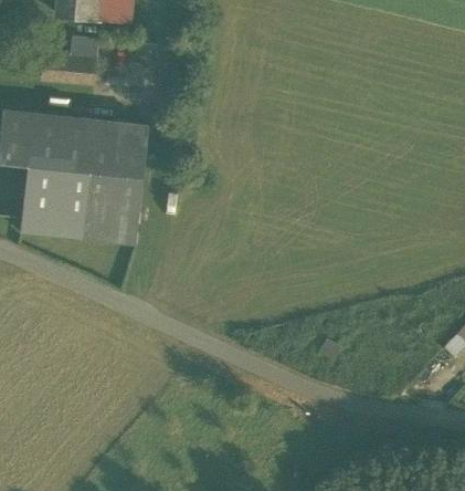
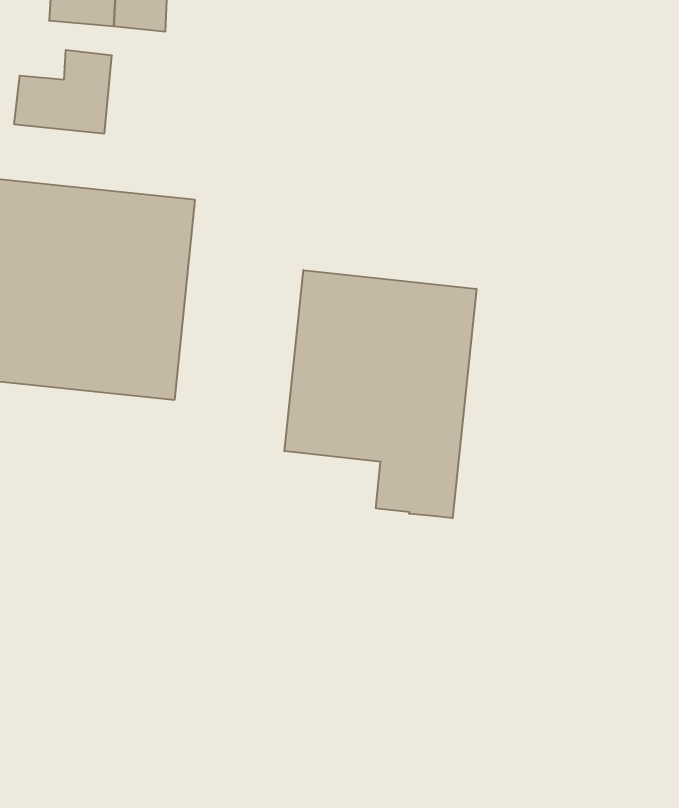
building: none -> [284,270,476,518]

